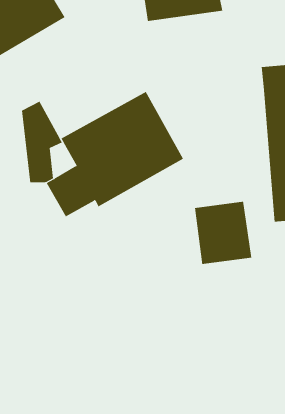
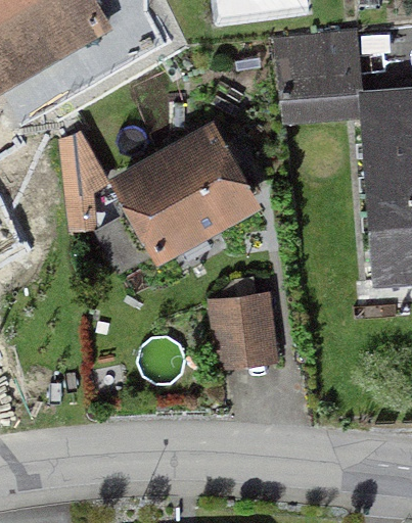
building: none -> [274,30,363,125]
building: [194,201,252,264] -> [208,291,280,370]

